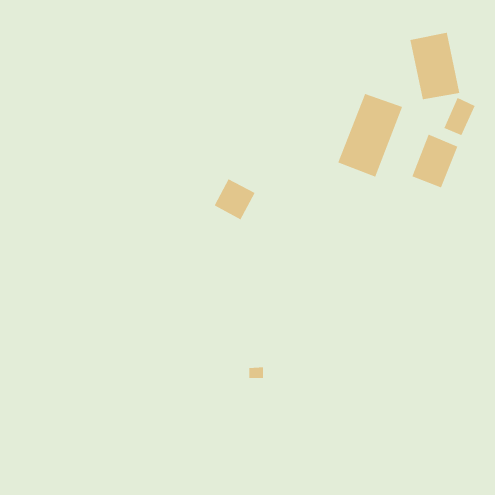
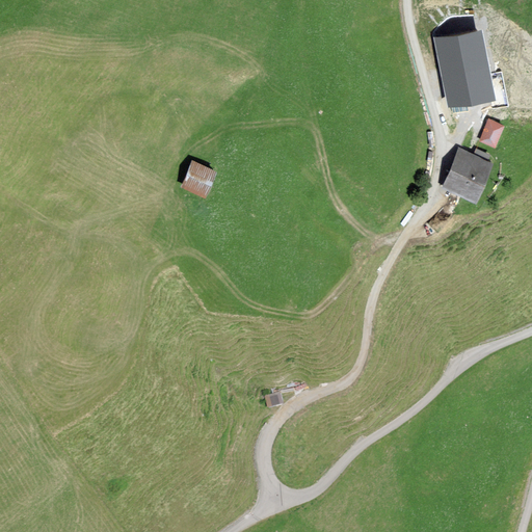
building: [337,93,403,177] -> none
building: [214,178,255,220] -> [175,157,219,202]

